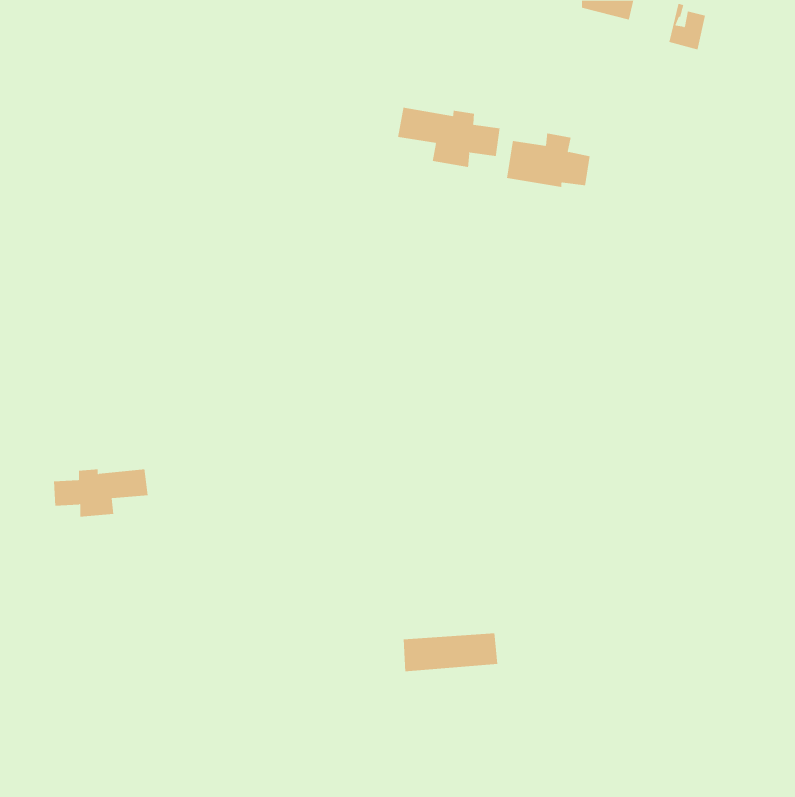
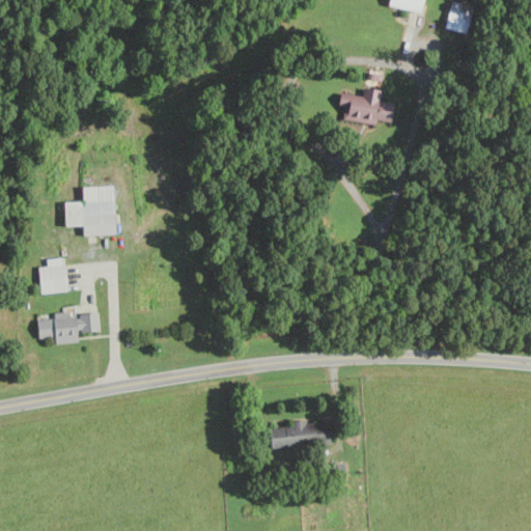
building: [397,107,500,168] -> none
building: none -> [63,185,116,235]
building: none -> [39,258,66,294]

